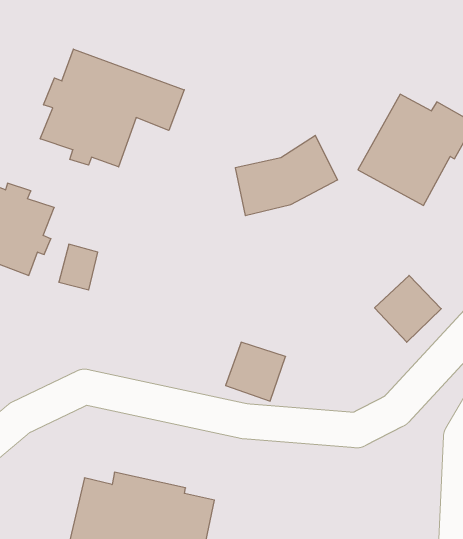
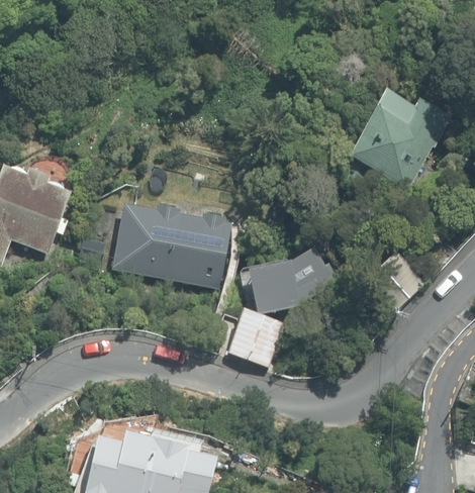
building: [40,49,184,167] -> none
building: [235,135,338,216] -> [248,242,341,315]
building: none -> [112,203,233,290]

